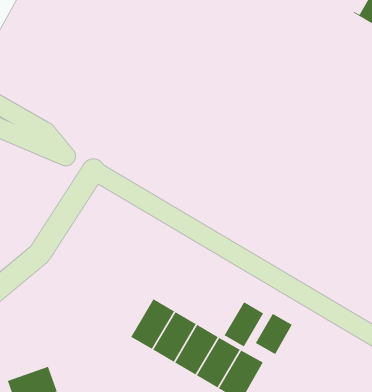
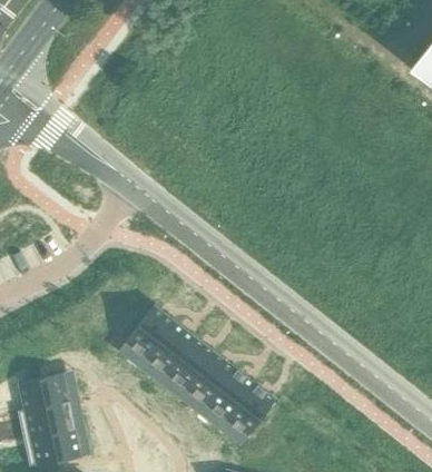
building: none -> [125,316,174,368]
building: [224,301,264,347] -> none
building: [252,313,293,355] -> none

